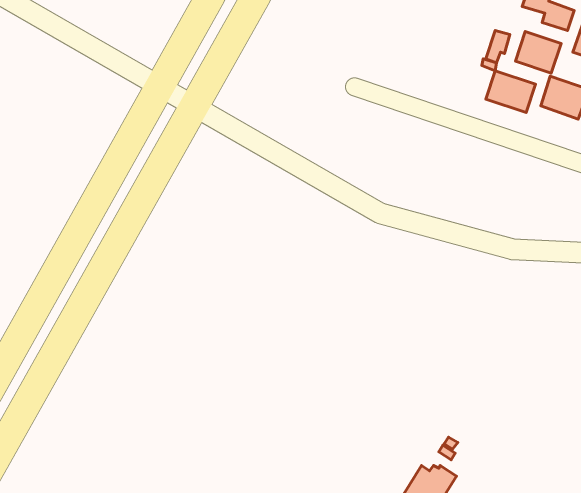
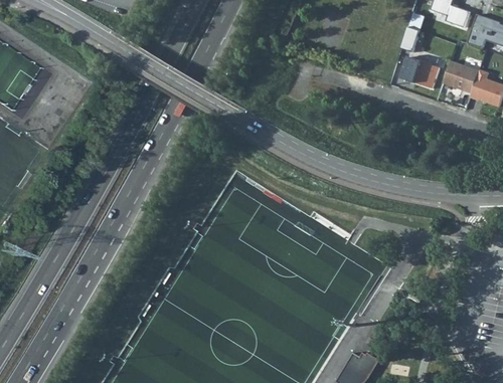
building: [515,32,561,73] -> none

